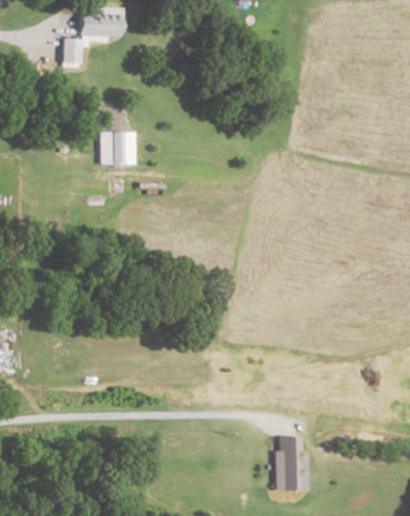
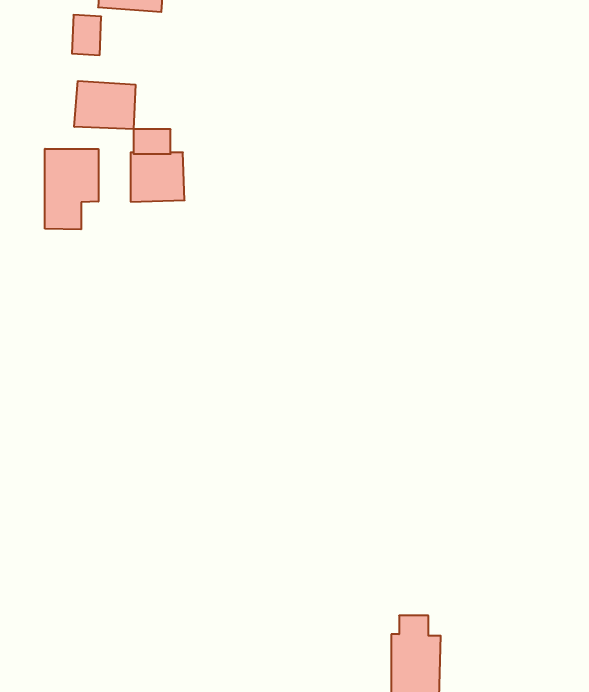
building: none -> [74,81,135,129]
building: none -> [45,149,98,229]

